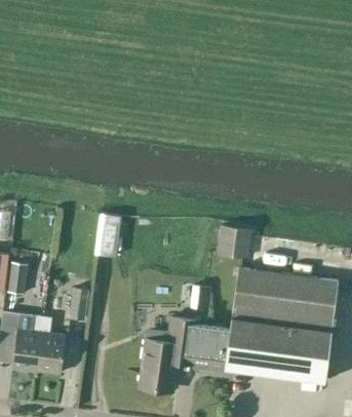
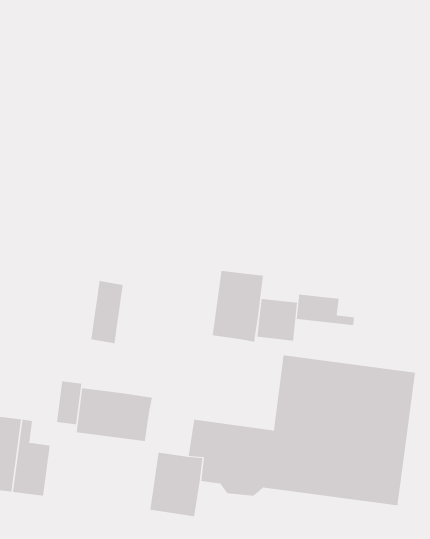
building: none -> [212,270,264,343]
building: none -> [296,294,355,326]
building: none -> [76,388,152,442]

